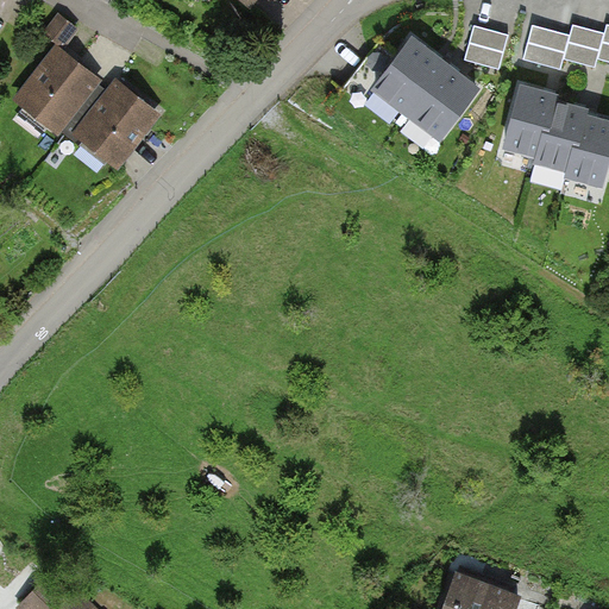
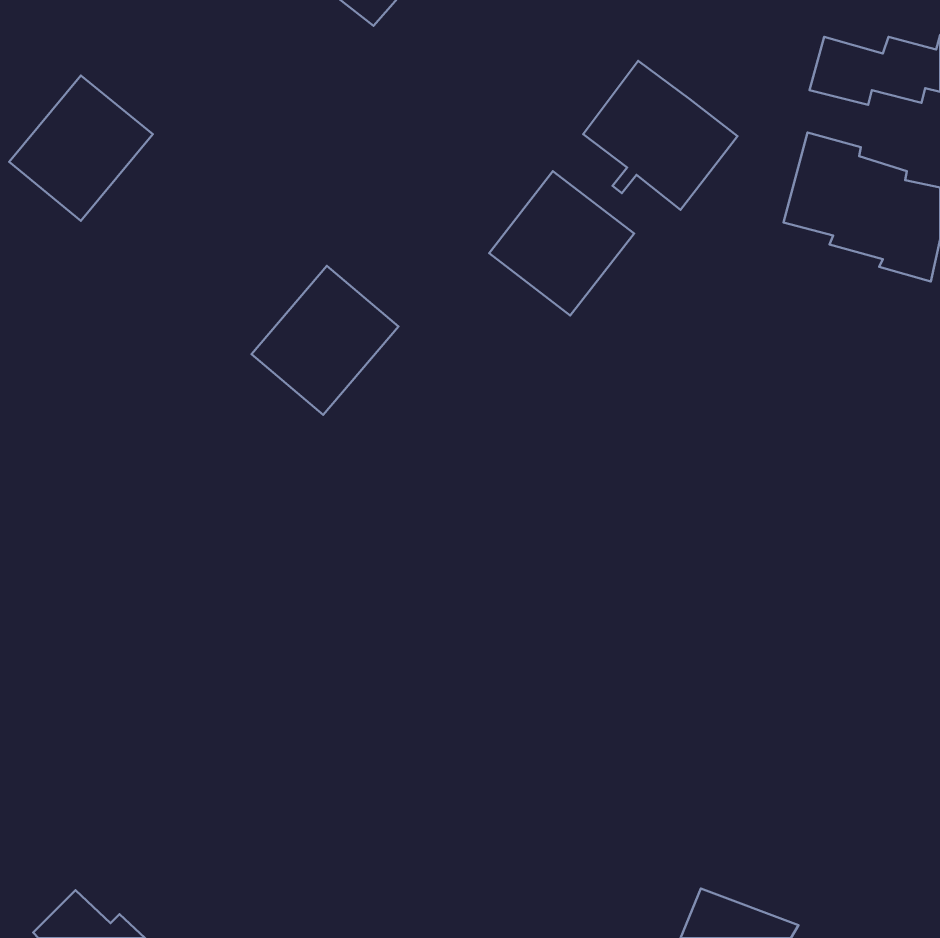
building: [465,25,509,68] -> none
building: [64,81,159,177] -> [251,266,399,415]
building: none -> [489,171,634,316]

